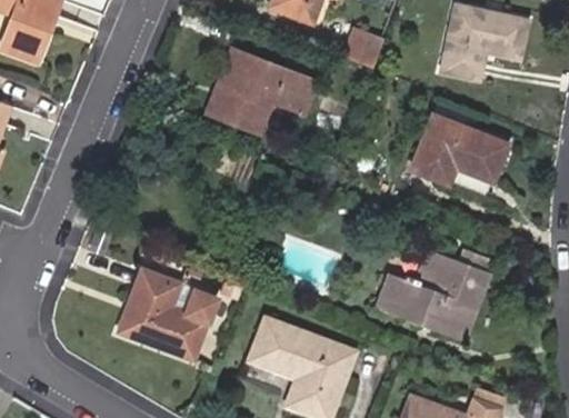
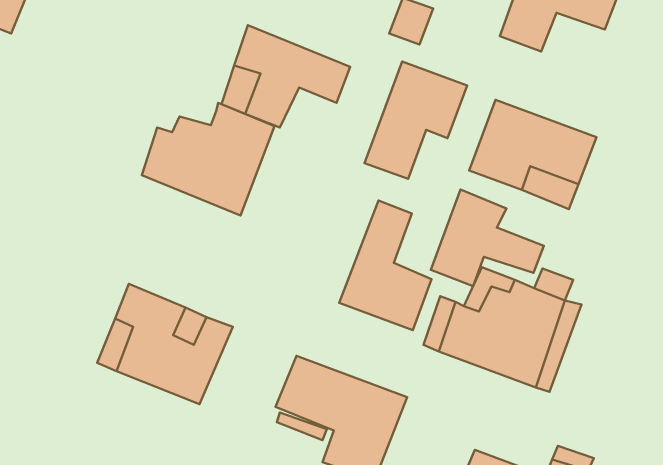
building: none -> [365,62,467,179]
building: none -> [142,103,275,216]
building: none -> [431,190,544,286]
building: none -> [339,200,432,330]

